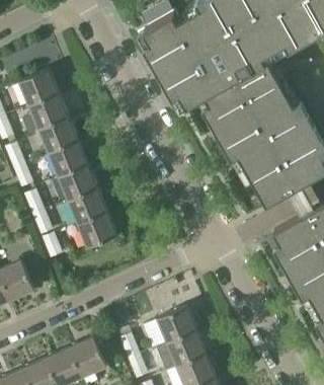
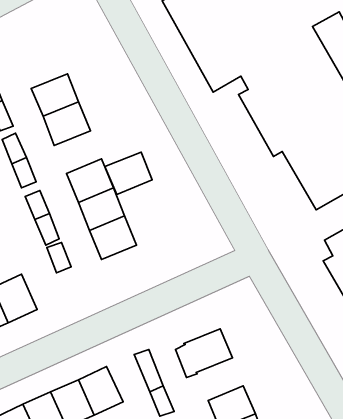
building: [19,69,60,105] -> none
building: [49,141,88,176] -> [105,152,152,195]
building: [167,330,207,366] -> none

